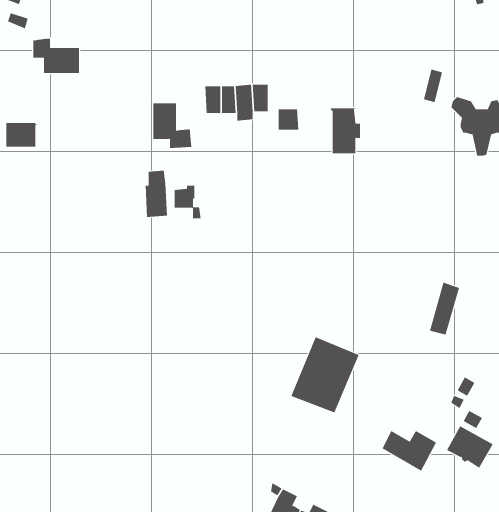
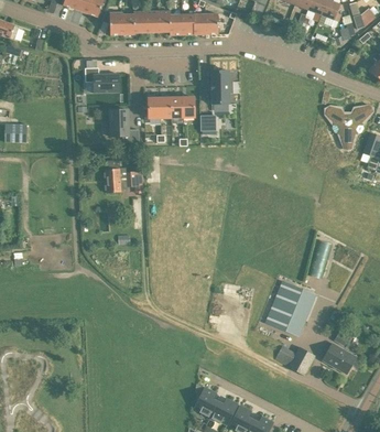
building: [32,38,80,74] -> [85,66,119,91]
building: [330,108,361,154] -> [210,69,232,102]
building: [291,337,359,413] -> [264,279,314,334]

